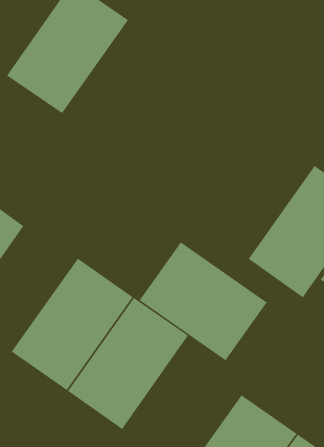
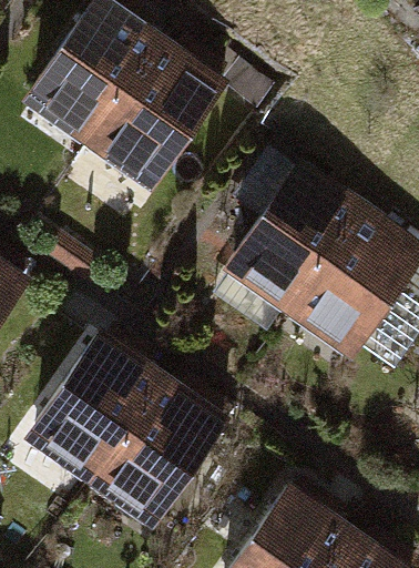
building: none -> [75,38,219,195]
building: none -> [228,163,374,321]
building: [139,241,267,361] -> none

